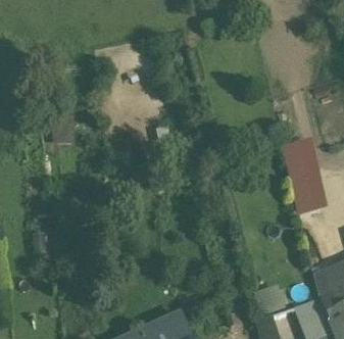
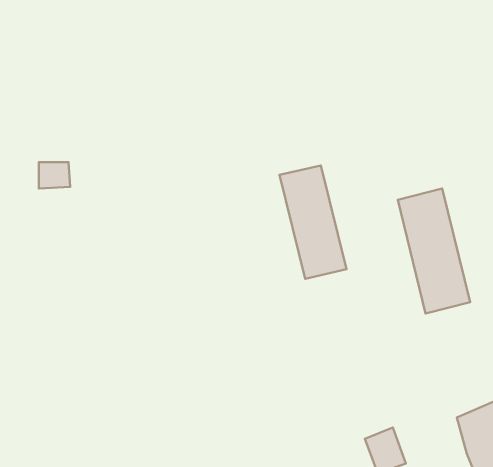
building: none -> [280,165,346,279]

